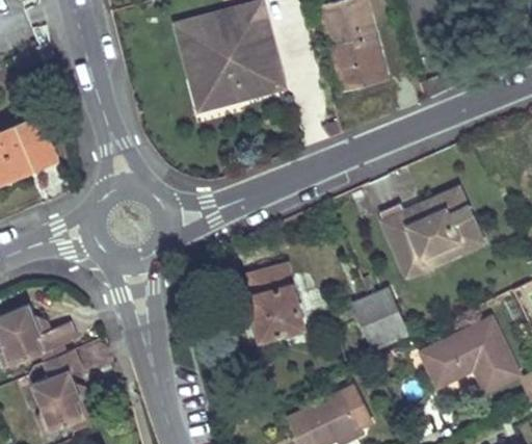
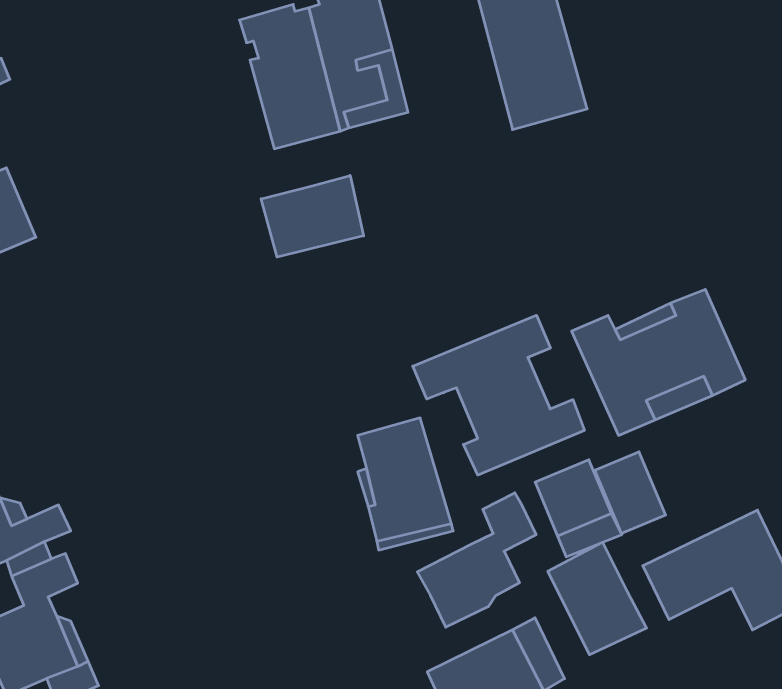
building: none -> [261,175,364,257]
building: none -> [413,315,584,475]
building: none -> [595,452,666,534]
building: none -> [417,493,536,627]
building: none -> [548,542,647,655]

